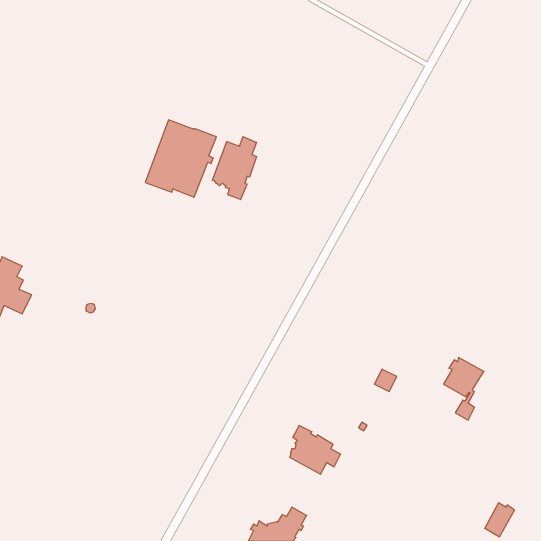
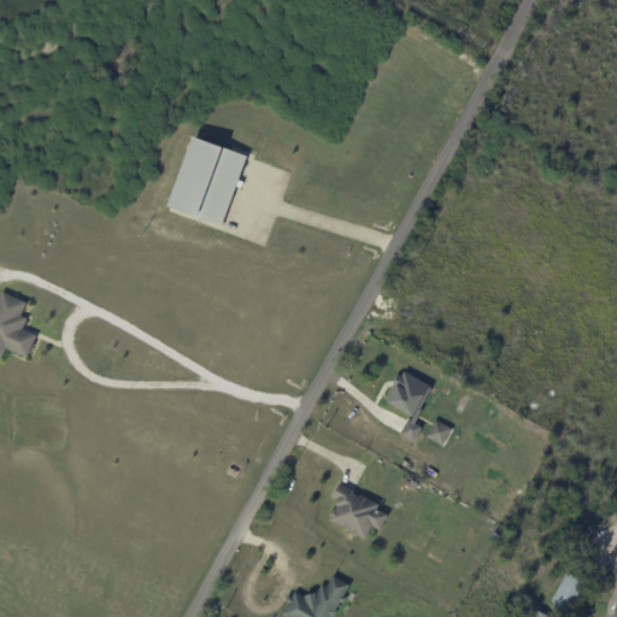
building: [212,137,256,200] -> none
building: [444,358,484,420] -> [386,371,431,442]

